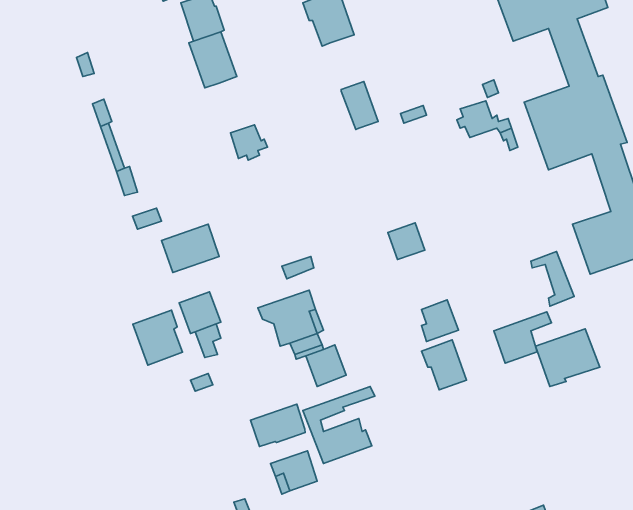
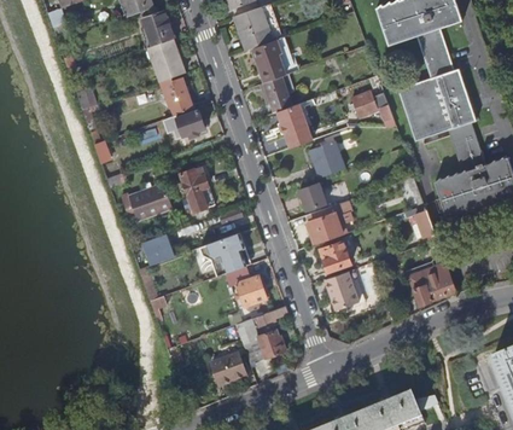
building: none -> [253,37,285,81]
building: none -> [158,75,192,114]
building: none -> [275,101,311,147]
building: none -> [309,140,343,176]
building: none -> [180,164,215,211]
building: [133,310,182,365] -> none
building: [494,312,552,363] -> [307,199,350,238]
building: [251,404,305,446] -> none

